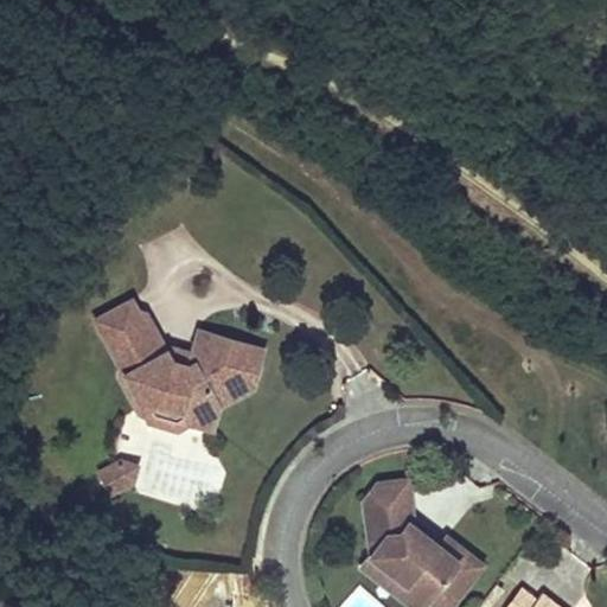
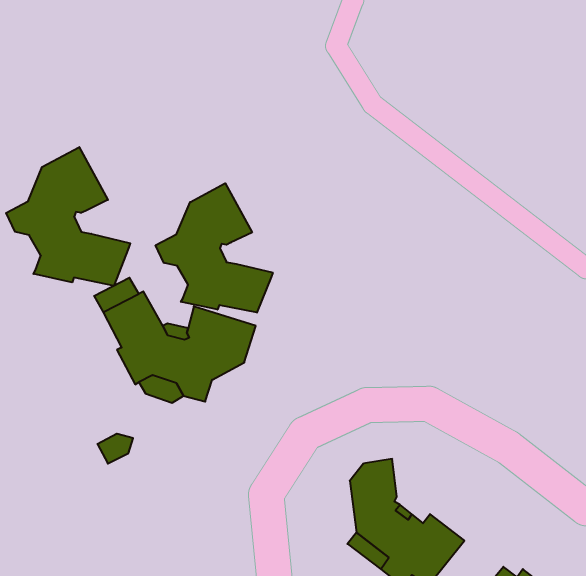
building: none -> [6,147,130,286]
building: none -> [156,183,273,313]

